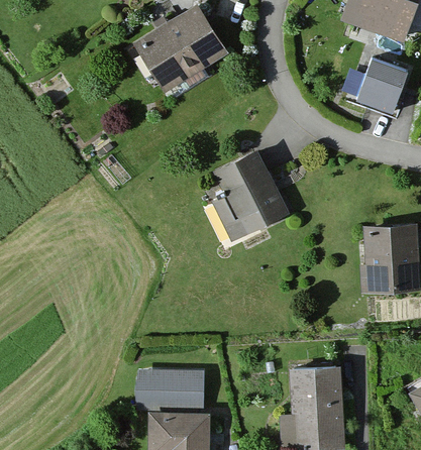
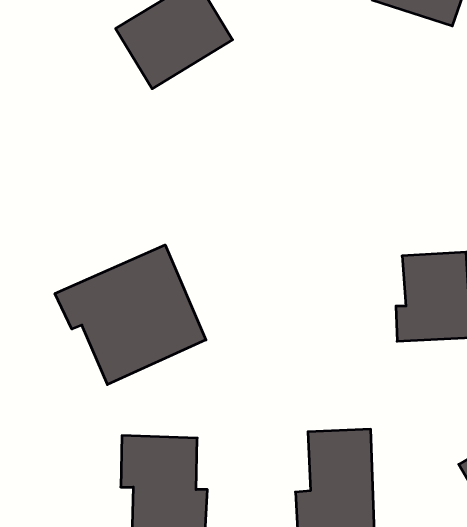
building: [355,55,408,112] -> none
building: [214,150,290,241] -> none
building: none -> [55,245,206,385]

